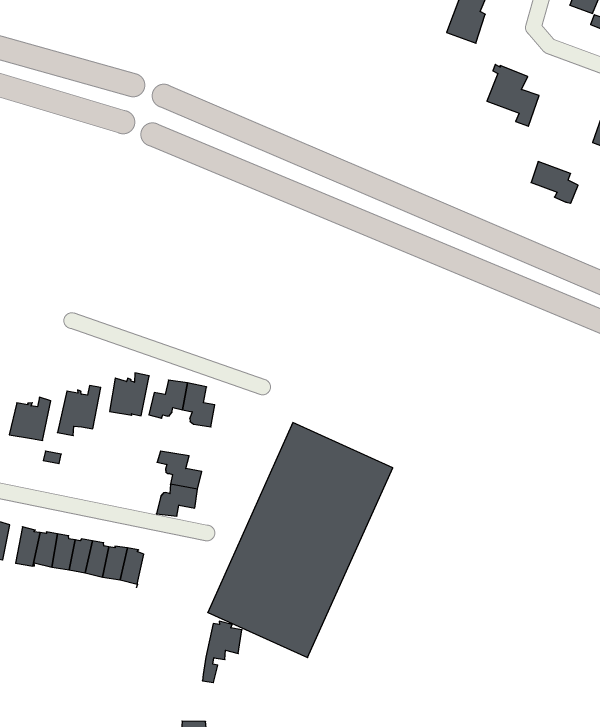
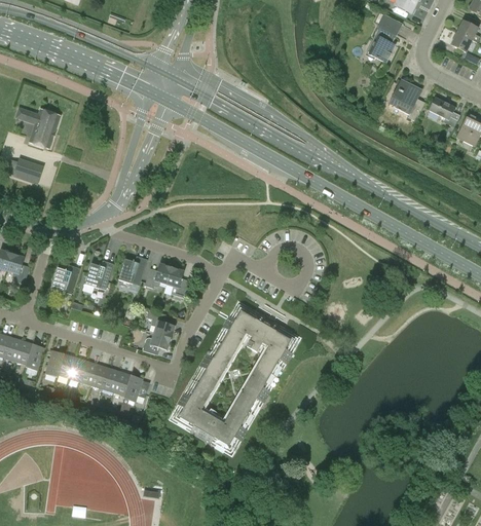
building: [531,162,578,203] -> [429,97,459,126]
building: [202,621,242,683] -> [119,375,149,415]

